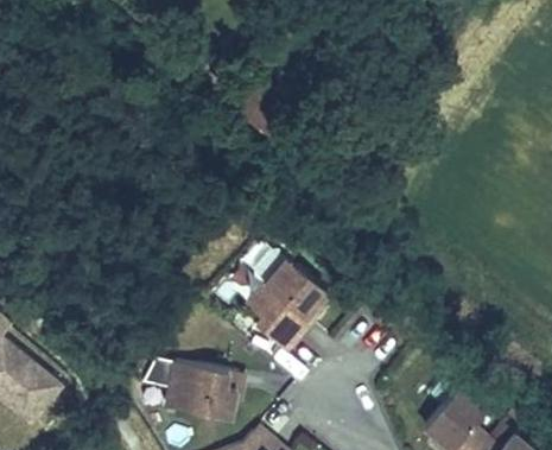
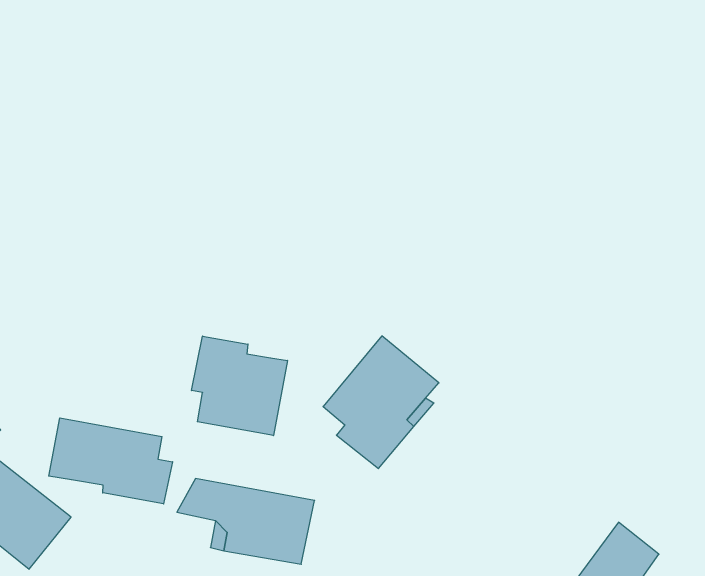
building: none -> [192,336,287,436]
building: none -> [49,418,173,504]

